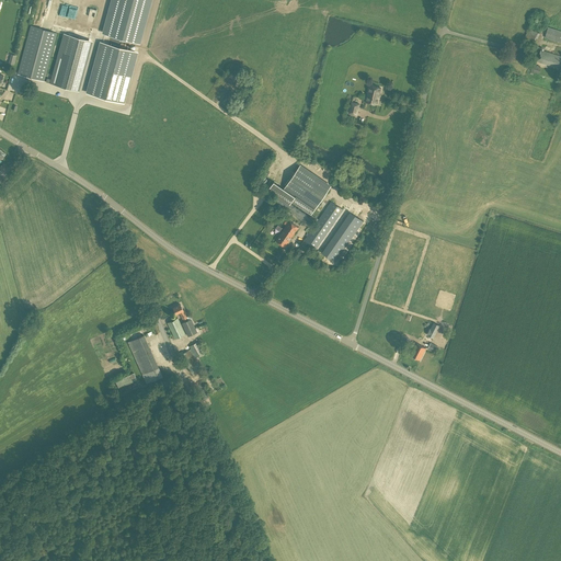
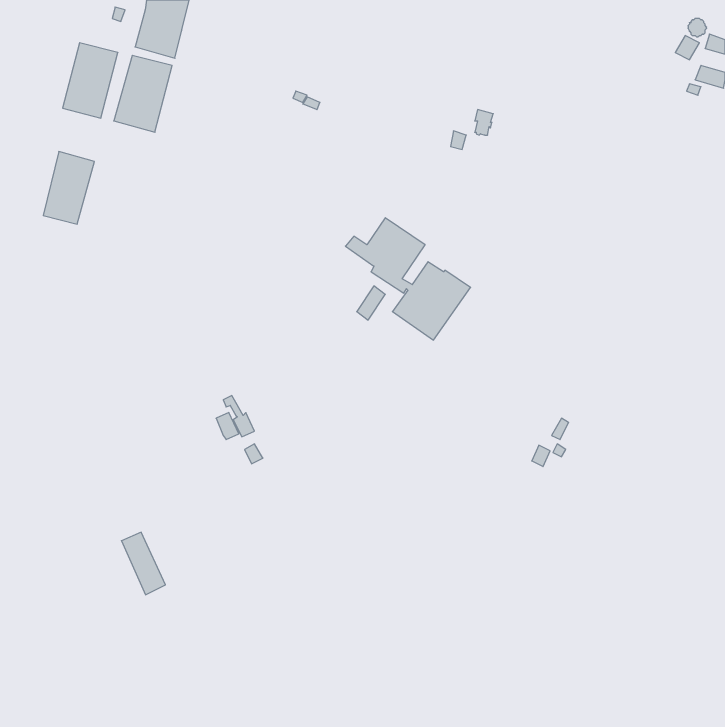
building: [16,25,56,81] -> [43,152,94,224]
building: [127,335,161,383] -> [121,532,165,595]

